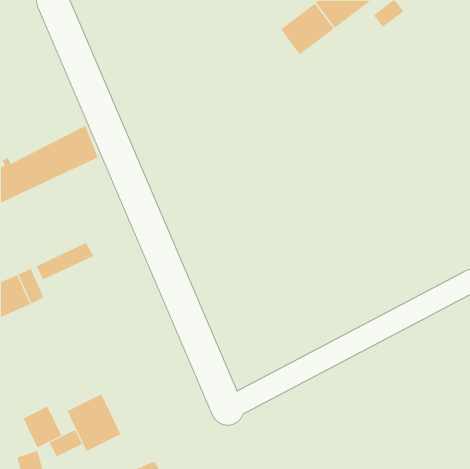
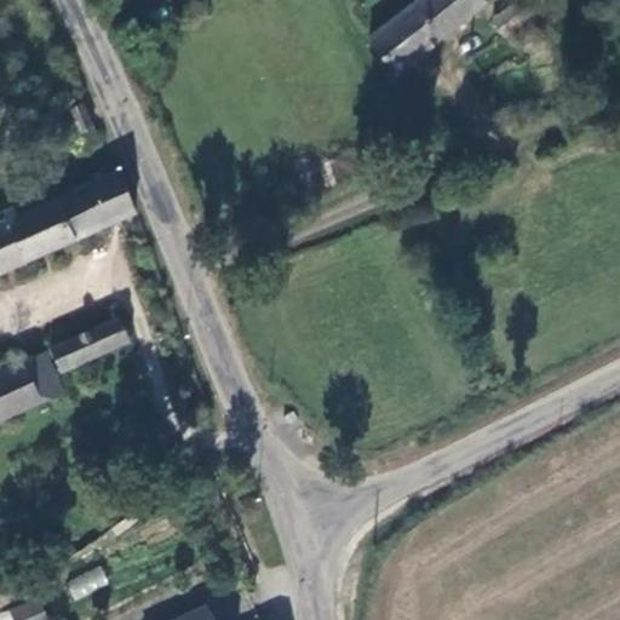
building: [67,394,121,452] -> none
building: [23,406,62,448] -> none

